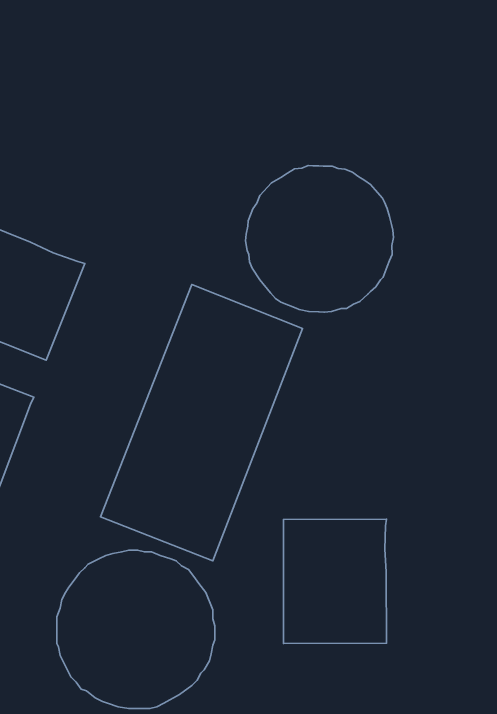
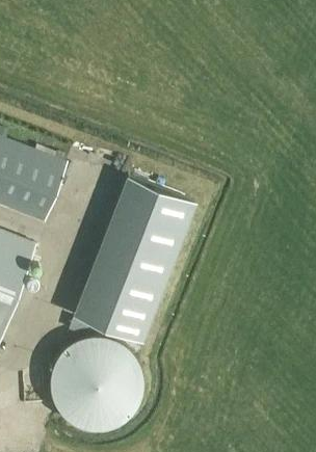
building: [245,165,393,312] -> none
building: [284,519,387,643] -> none

